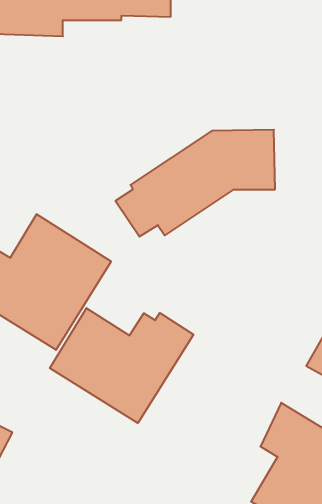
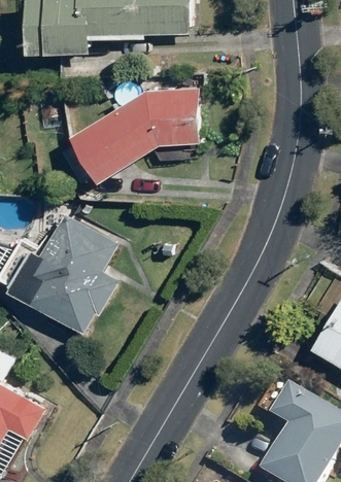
building: [115,130,275,237] -> [55,87,198,182]
building: [50,308,193,423] -> none

